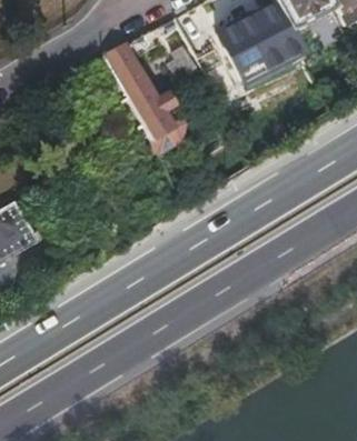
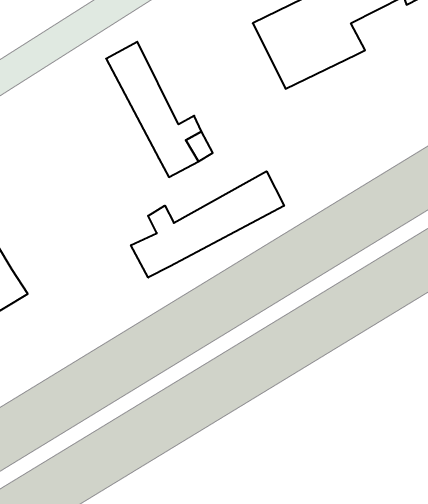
building: none -> [131,171,284,278]

